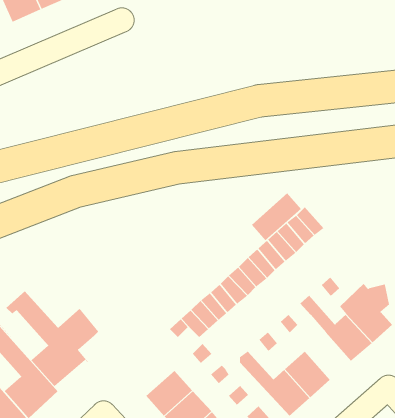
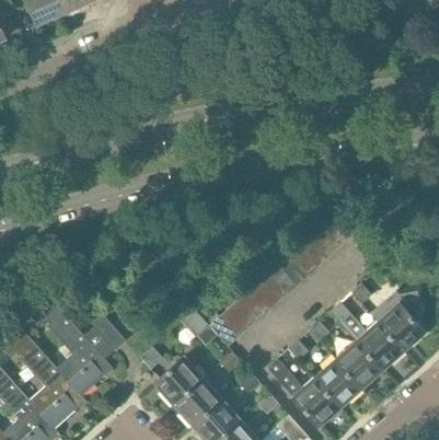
building: [251,193,302,241] -> none
building: none -> [335,340,382,389]
building: none -> [154,357,203,405]

